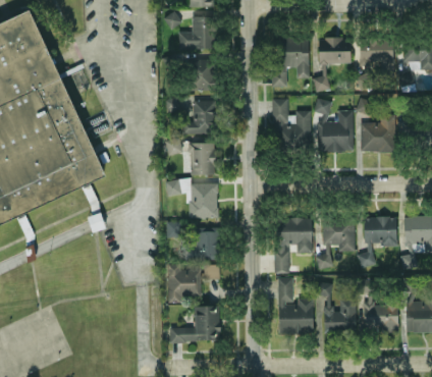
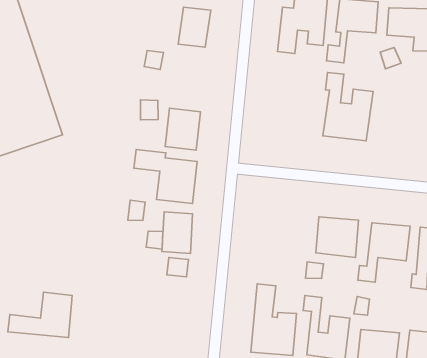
building: [271,99,310,148] -> none
building: [180,101,215,136] -> none
building: [360,115,394,153] -> none
building: [275,218,312,273] -> none
building: [166,265,201,303] -> none
building: [169,307,219,342] -> [8,292,72,338]

